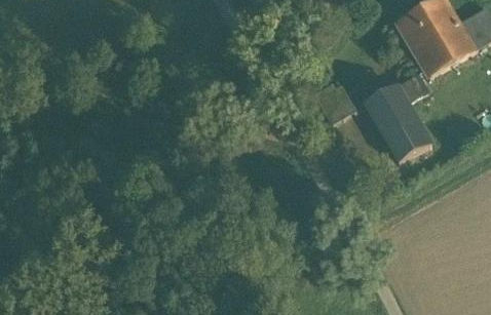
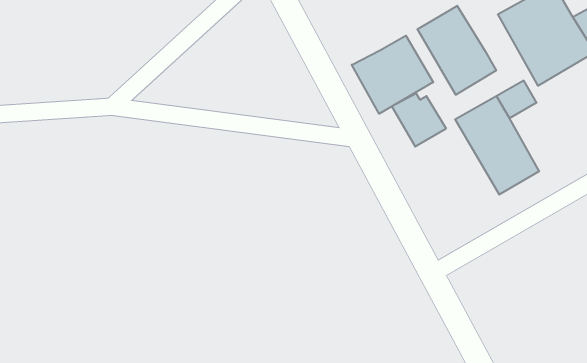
building: none -> [417,6,496,95]
building: none -> [352,36,433,114]

